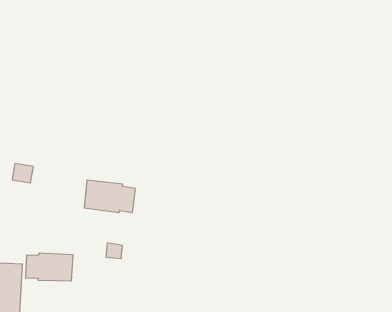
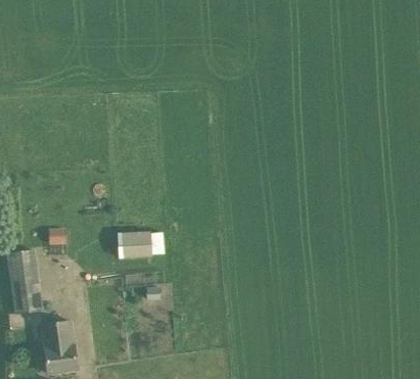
building: [26,253,73,281] -> none

